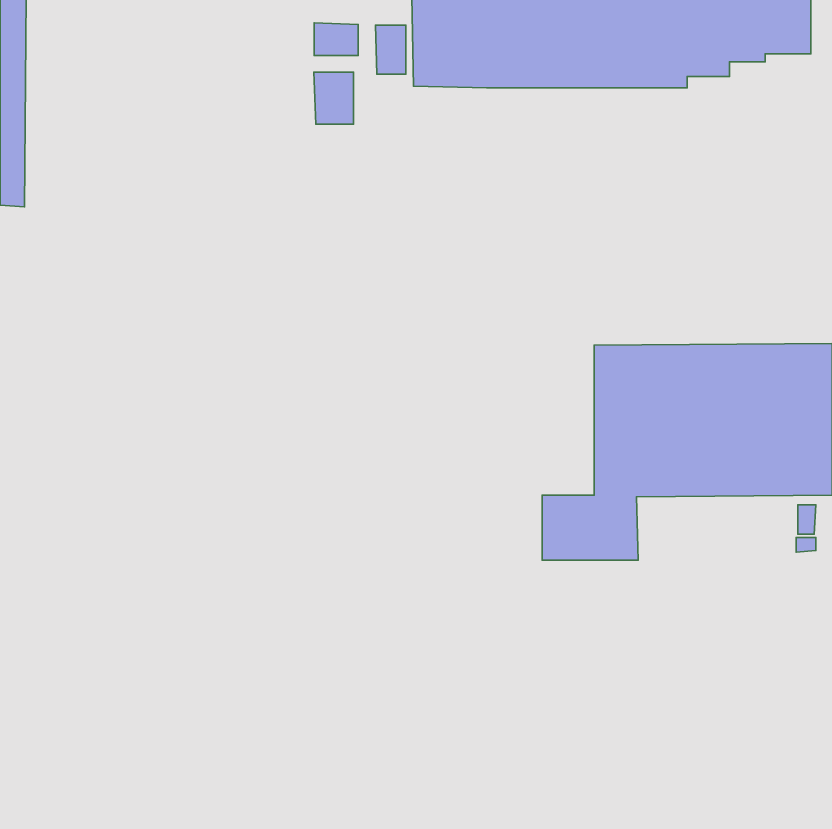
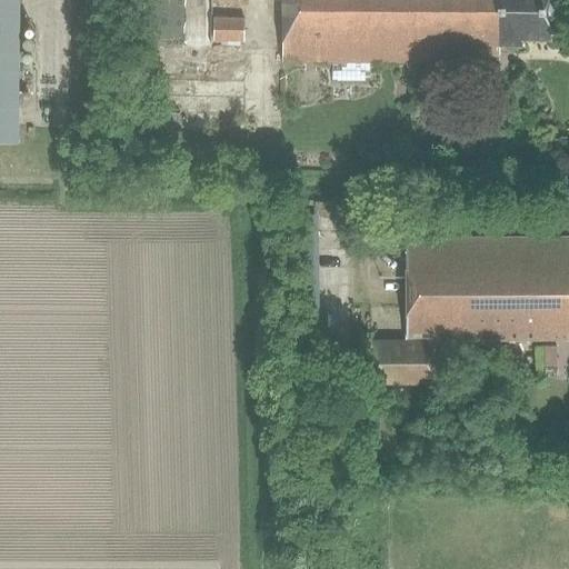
building: [375,25,406,74] -> none
building: [314,72,353,124] -> none

